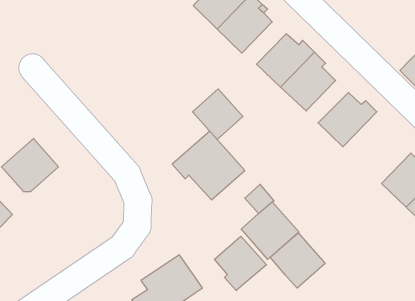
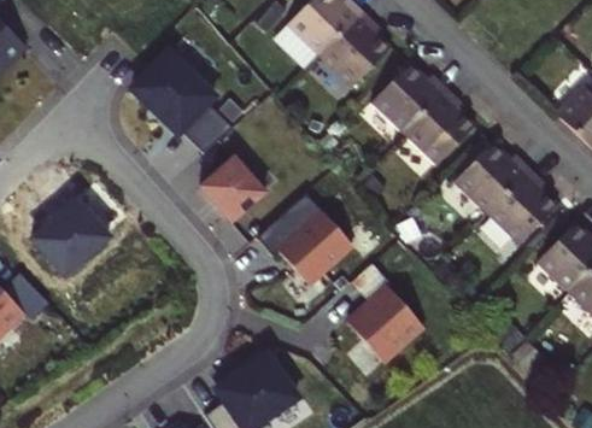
building: none -> [137,48,234,153]
building: [192,89,243,139] -> [200,154,266,221]
building: none -> [482,166,555,244]
building: [270,233,325,288] -> none
building: [214,236,267,291] -> none

